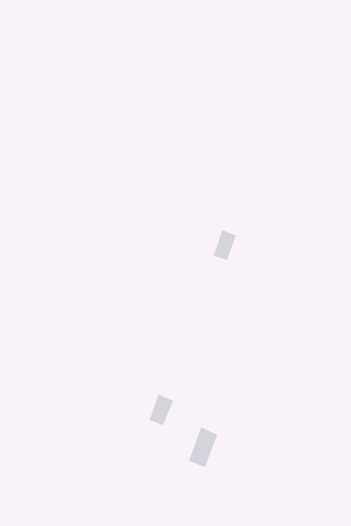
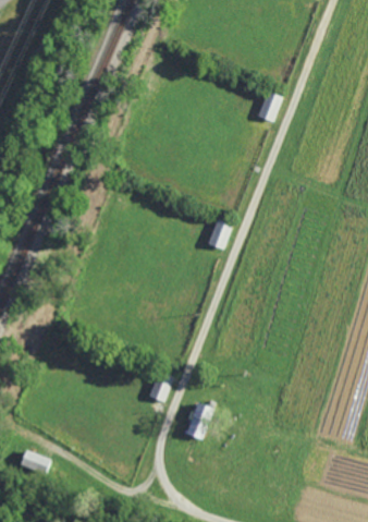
building: none -> [256,90,281,121]
building: none -> [22,452,52,476]

